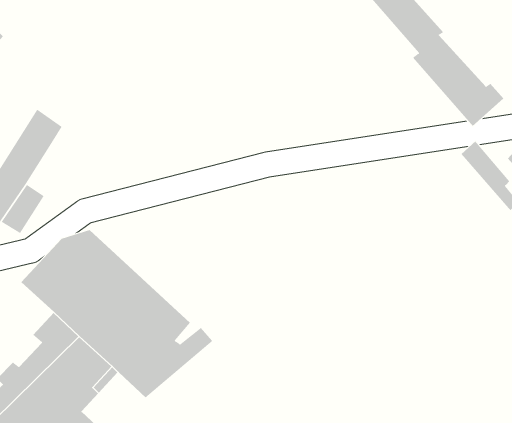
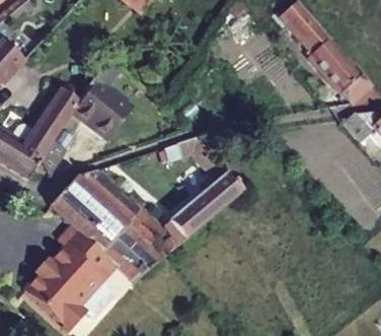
building: none -> [70,79,131,138]
building: none -> [161,138,245,247]

